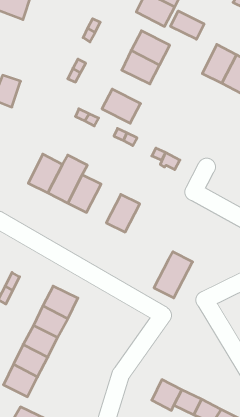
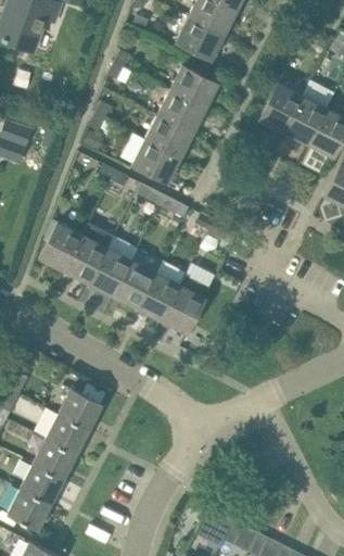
building: [171,11,204,39] -> none
building: none -> [146,115,194,157]
building: none -> [114,260,157,308]
building: [154,252,193,298] -> [163,275,212,333]

